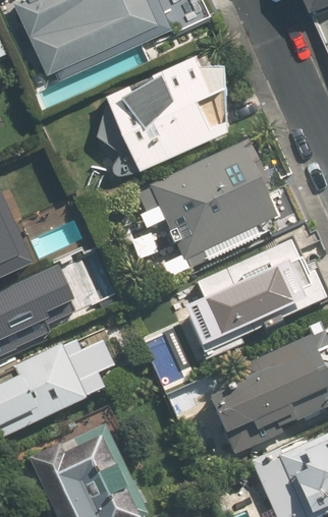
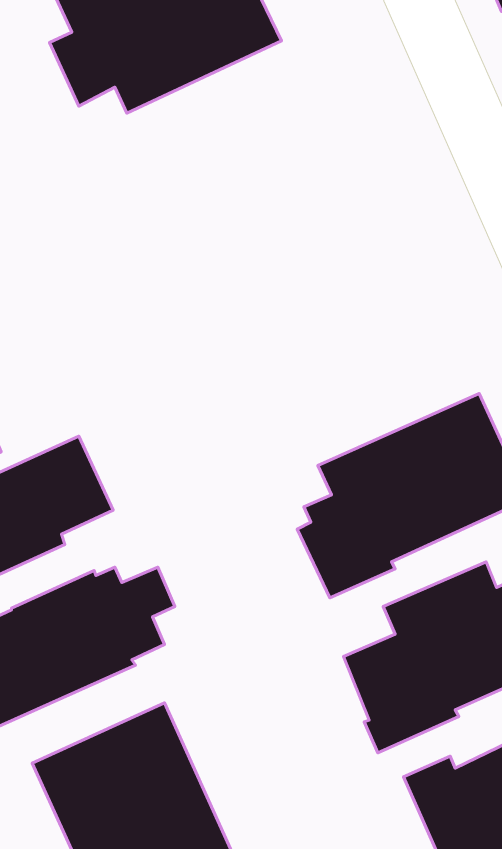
building: [97,56,232,178] -> none
building: [138,139,282,267] -> none

